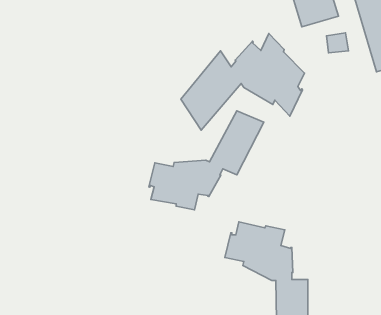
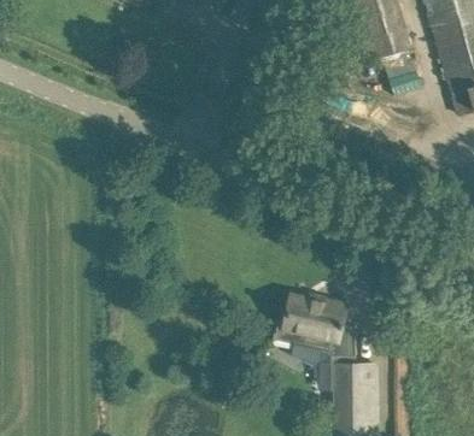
building: [181,34,305,130] -> none
building: [149,111,264,210] -> none

